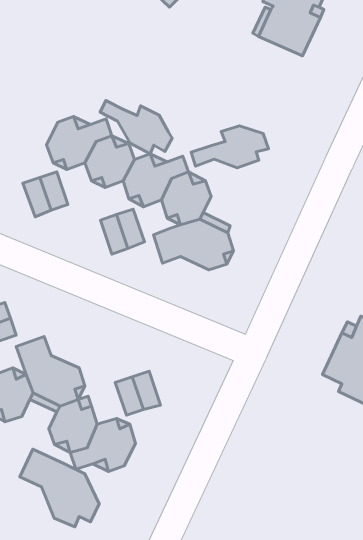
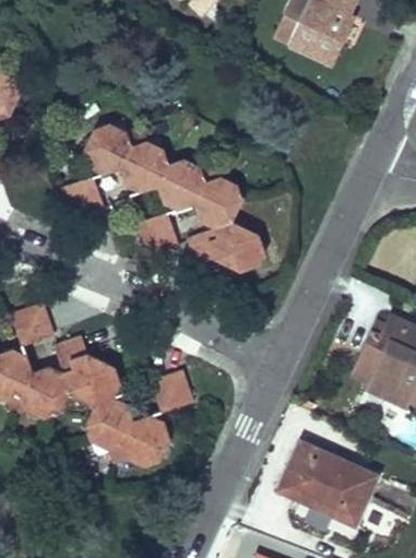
building: [100,100,172,154] -> none
building: [191,126,269,168] -> none
building: none -> [280,443,376,524]
building: [20,449,99,527] -> none

